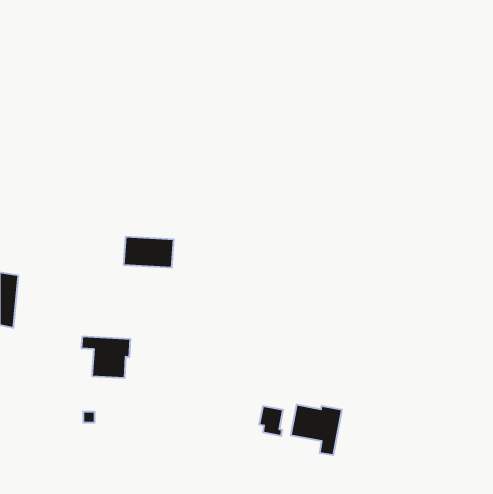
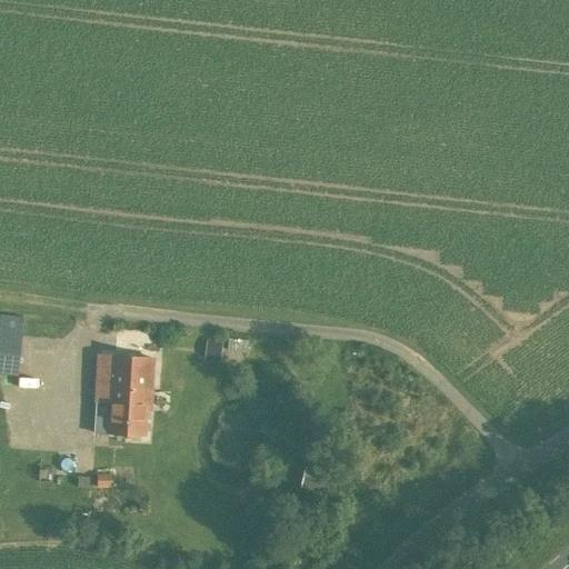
building: [124,237,174,268] -> [94,355,152,390]
building: [291,404,342,455] -> none

